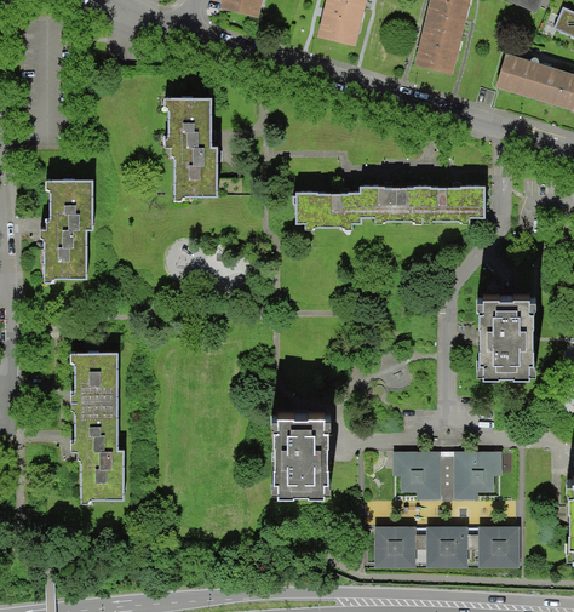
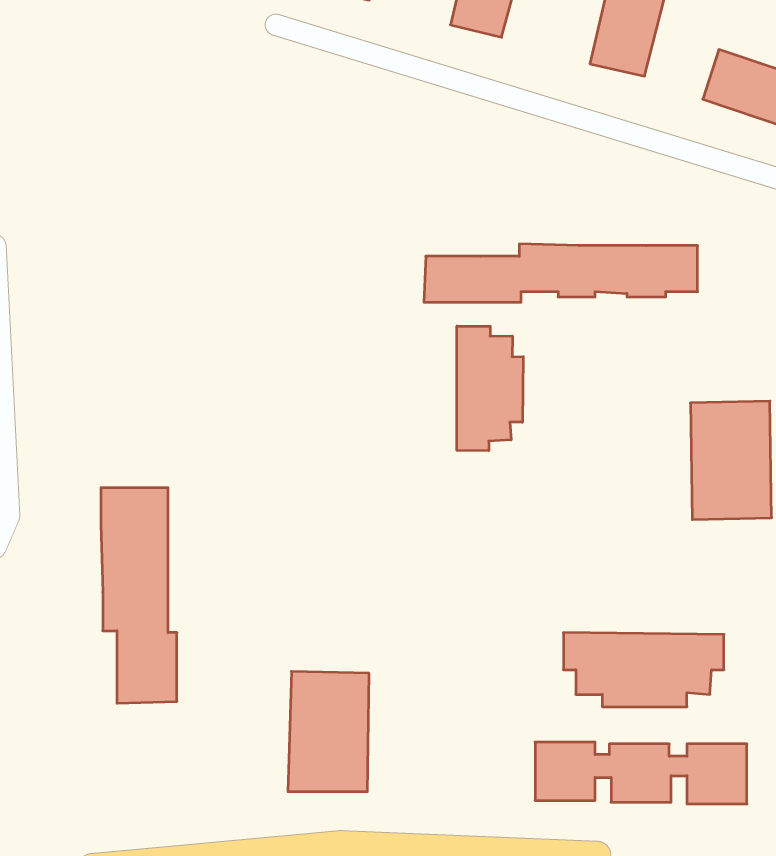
building: [170,97,218,198] -> none
building: [42,178,96,281] -> none
building: none -> [457,326,523,451]
building: [276,410,332,492] -> [288,671,369,792]

